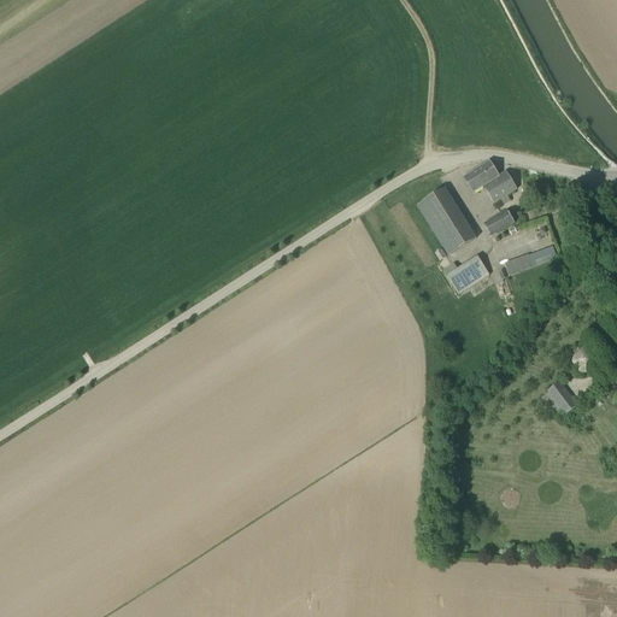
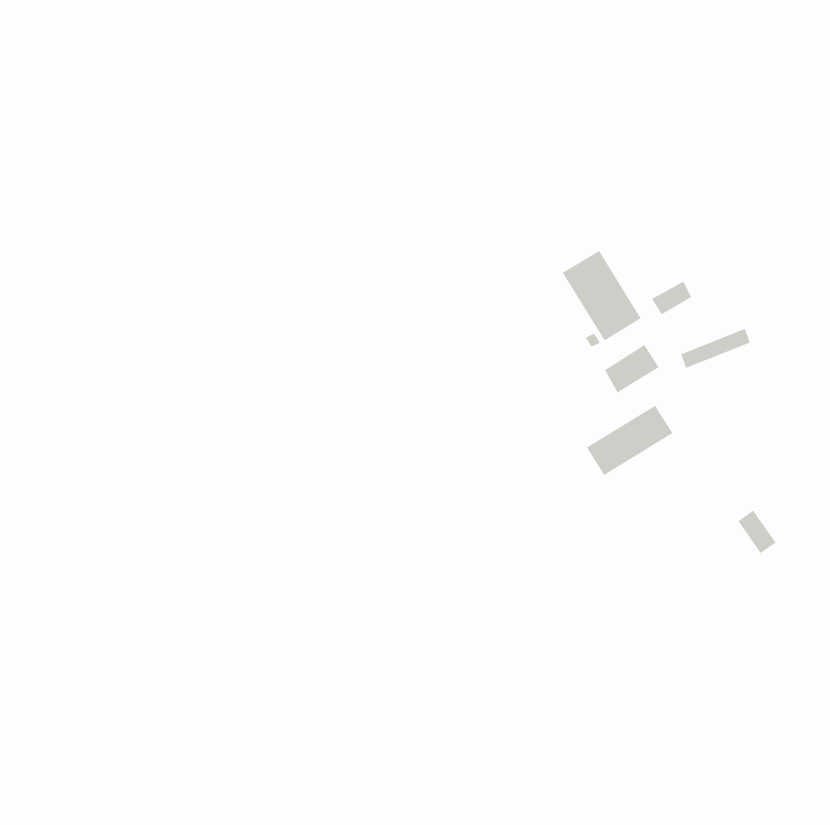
building: [463,159,516,201] -> none
building: none -> [586,405,673,476]

